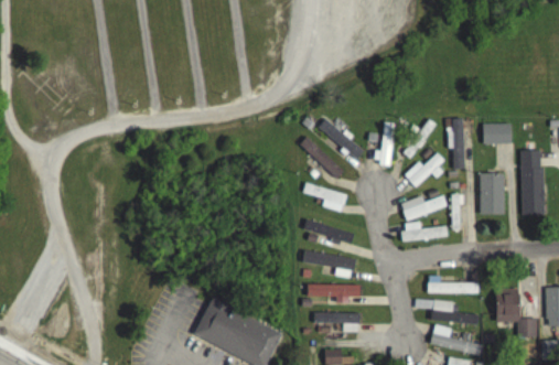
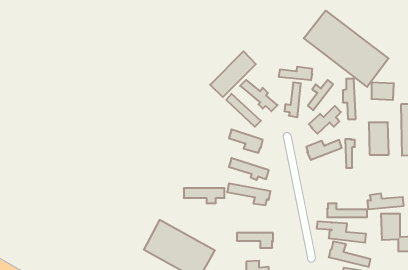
building: none -> [304,11,389,87]
building: none -> [210,51,256,97]
building: none -> [279,67,312,80]
building: [401,222,448,241] -> [367,194,404,209]
building: [308,285,359,303] -> [184,188,225,203]

